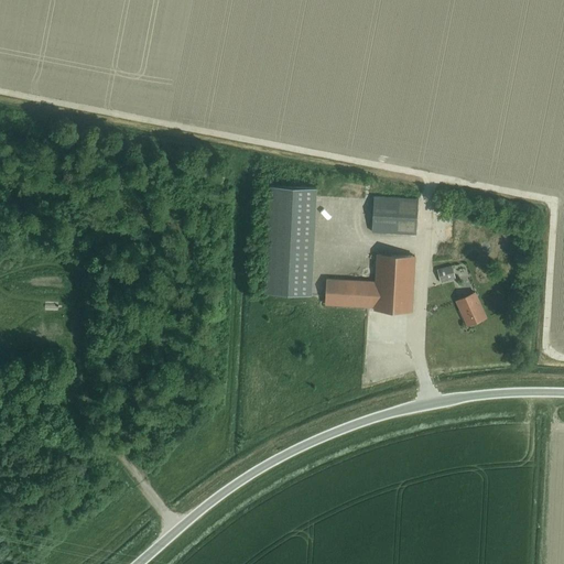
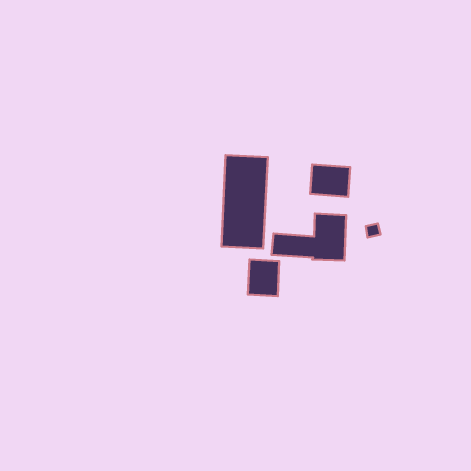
building: [455,293,485,326] -> none
building: none -> [248,259,279,296]

